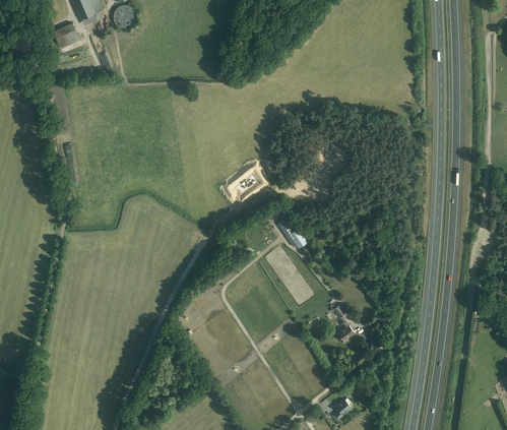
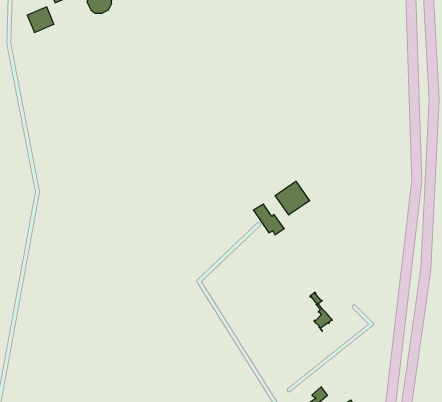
building: none -> [275,181,310,215]

